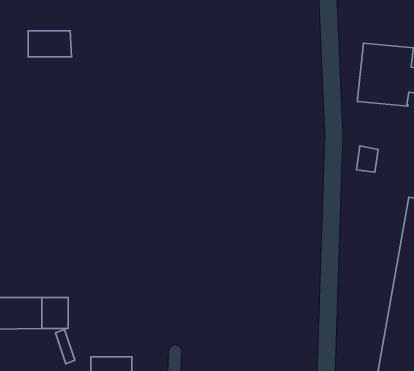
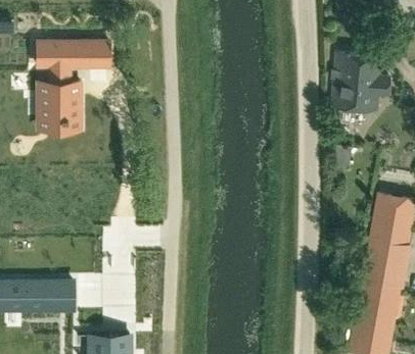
building: none -> [75,44,109,67]
building: none -> [49,67,80,132]

